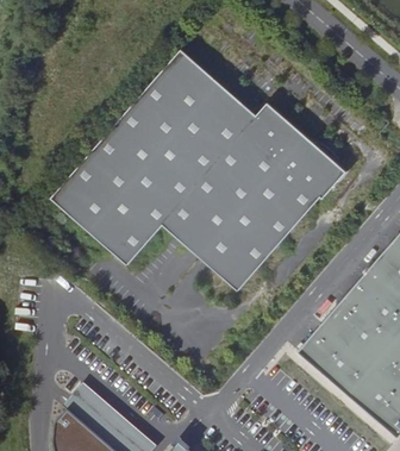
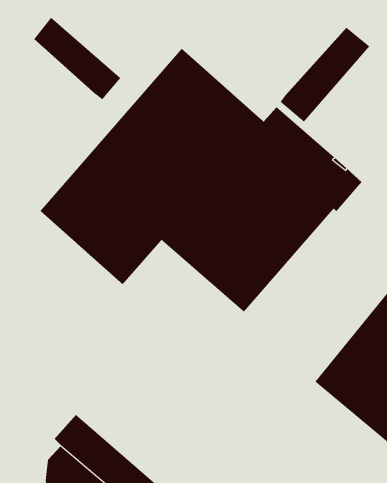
building: none -> [34,17,121,100]
building: none -> [280,27,370,123]

